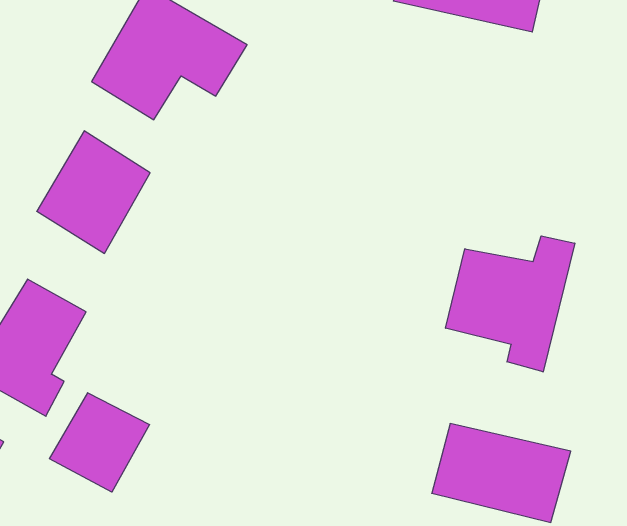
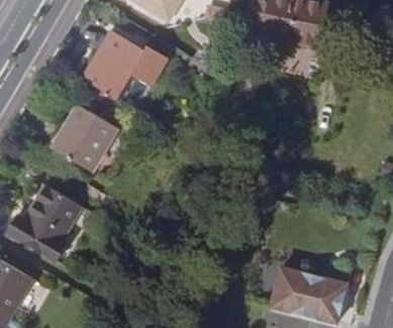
building: [446,236,575,372] -> none
building: [49,393,150,492] -> none

